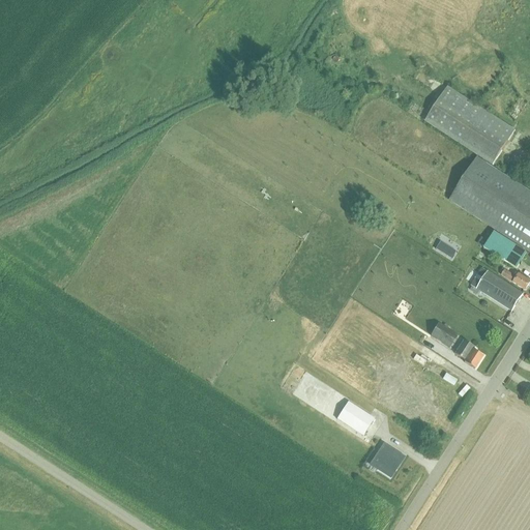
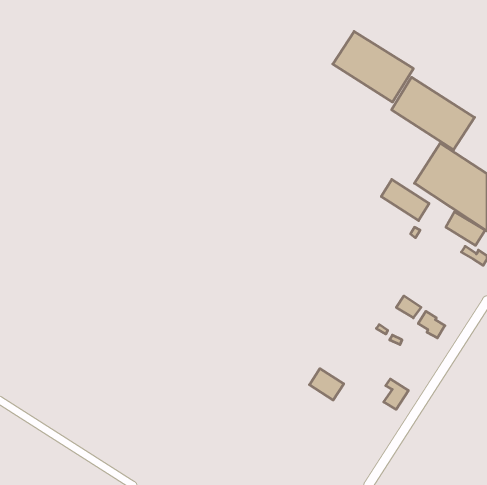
building: none -> [333,31,413,102]
building: [470,265,522,310] -> [381,179,429,221]
building: [376,442,403,475] -> [384,379,408,409]

